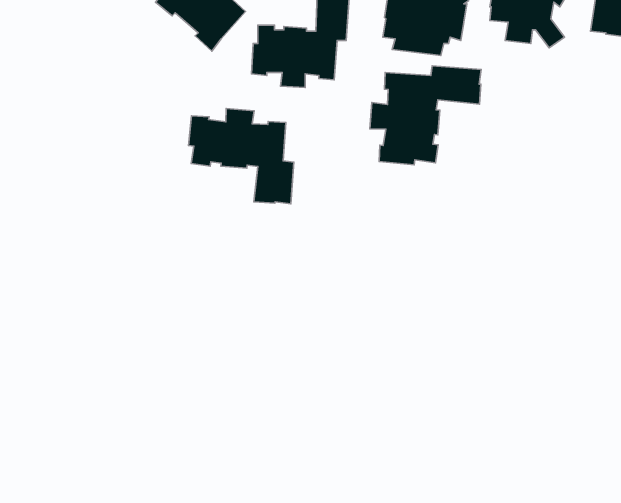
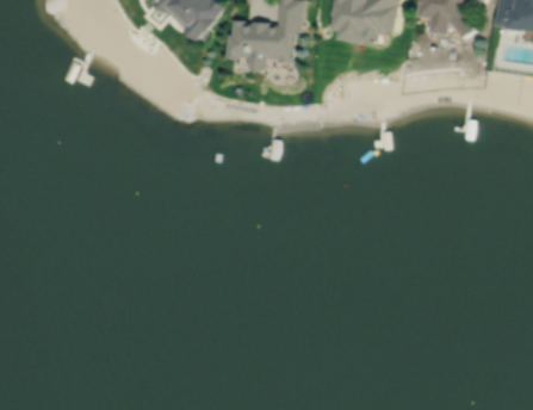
building: [370,66,481,165] -> none
building: [189,109,294,204] -> none

